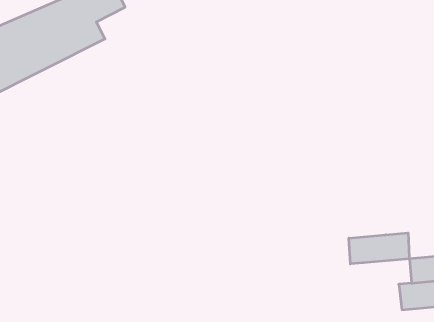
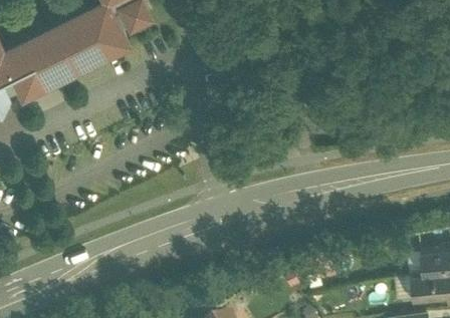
building: [349,233,409,264] -> none

